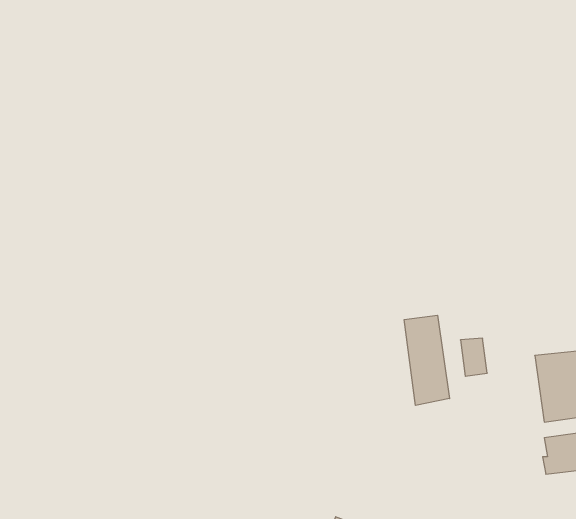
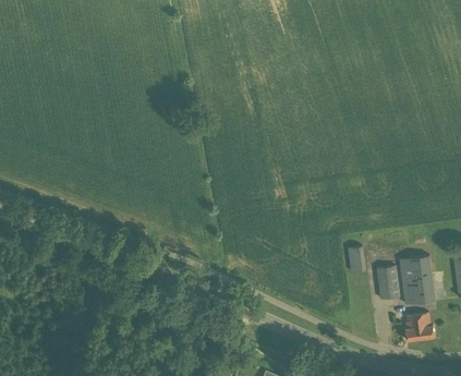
building: [404,315,450,405] -> none
building: none -> [375,266,399,300]

